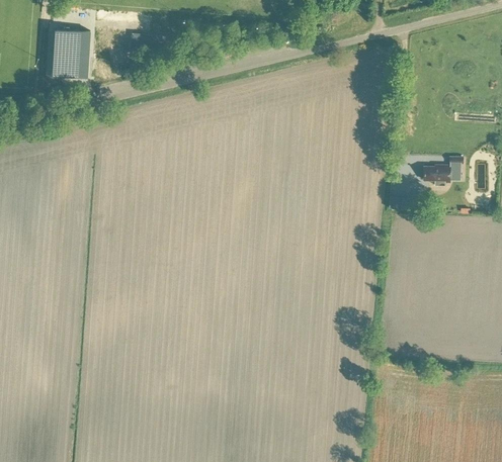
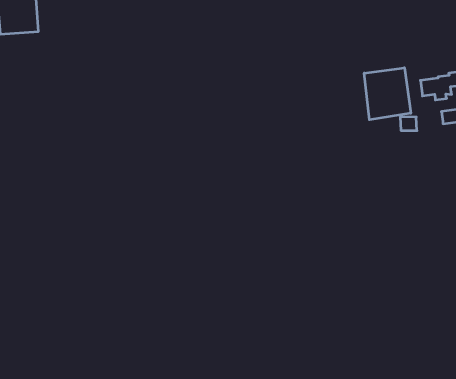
building: none -> [364,68,411,120]

